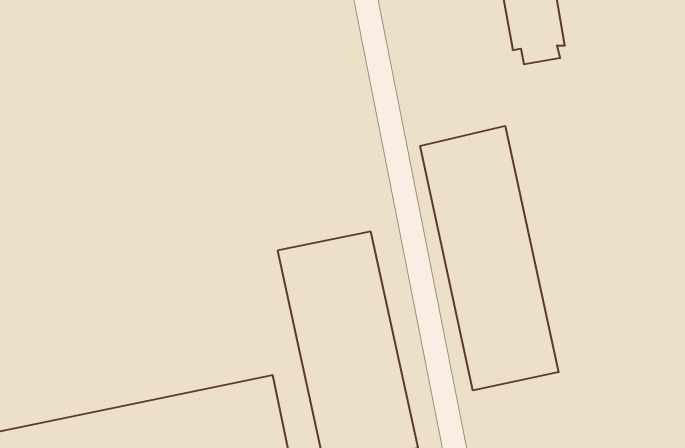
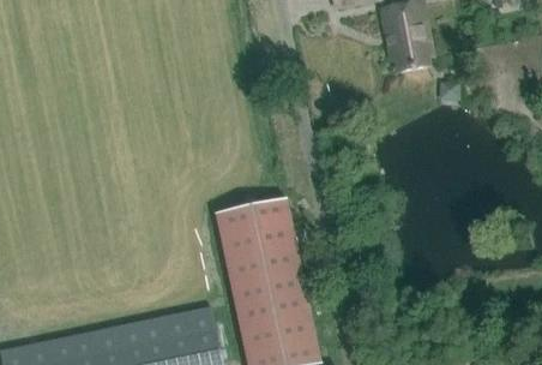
building: [420,126,559,390] -> none

